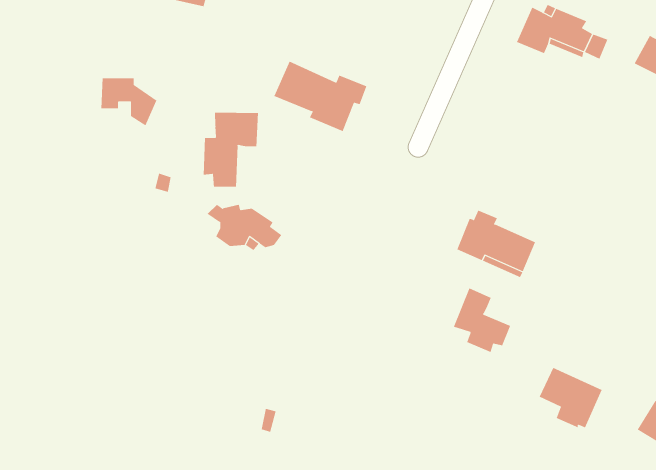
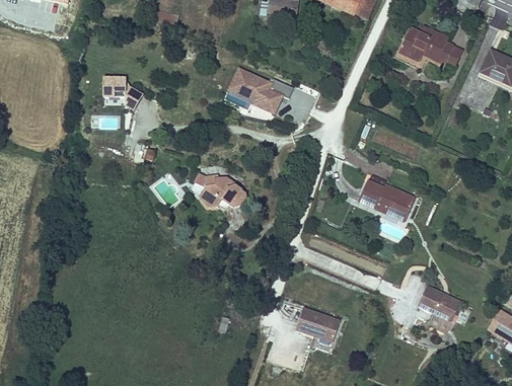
building: [203,112,259,187] -> none
building: [453,288,511,353] -> none
building: none -> [301,305,346,338]

